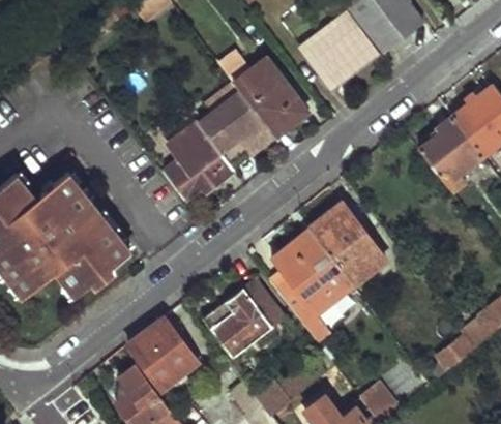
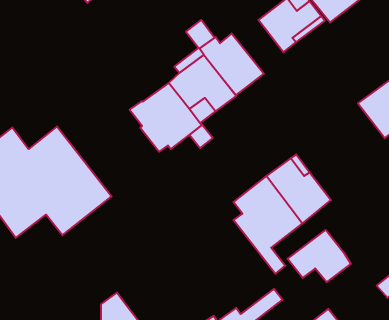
building: [205,277,287,356] -> none
building: none -> [287,230,351,282]
building: [130,317,200,390] -> none

